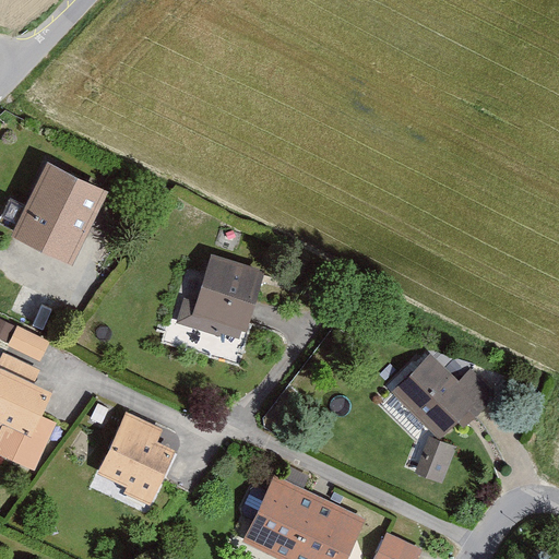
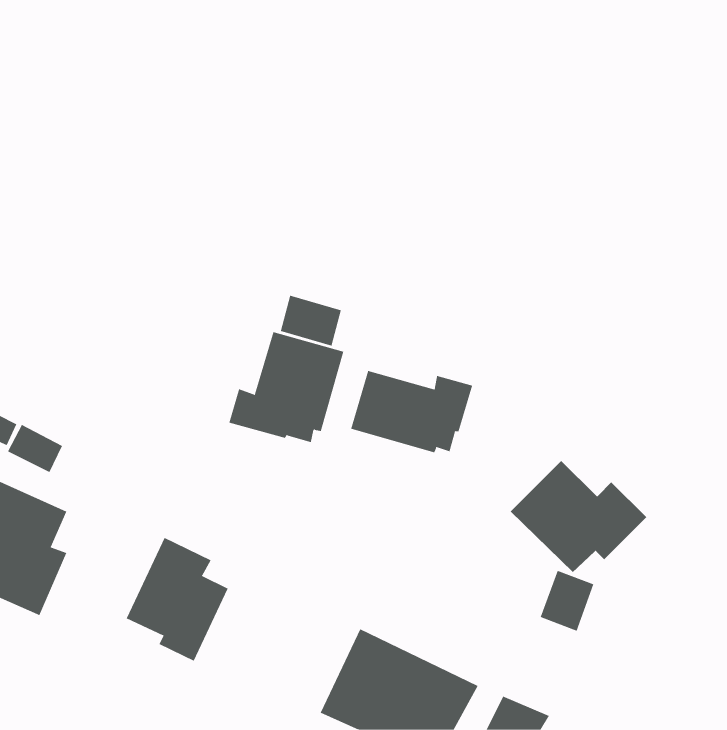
building: [10,163,105,264] -> none
building: none -> [280,295,342,346]
building: none -> [351,370,473,453]

